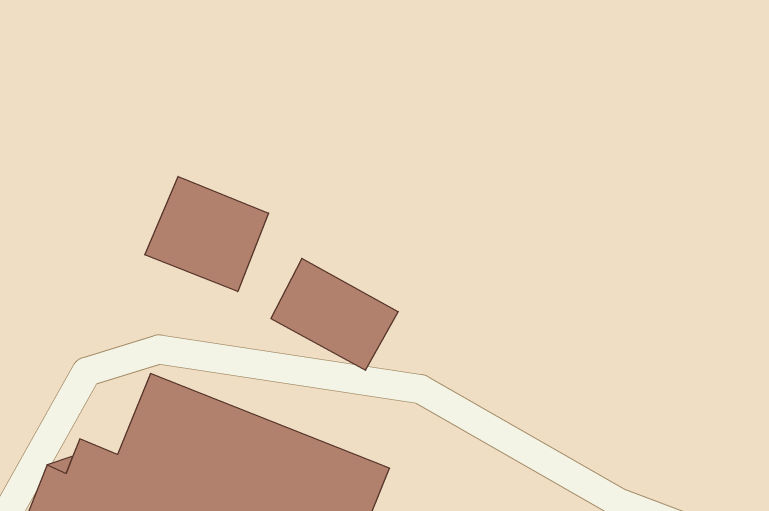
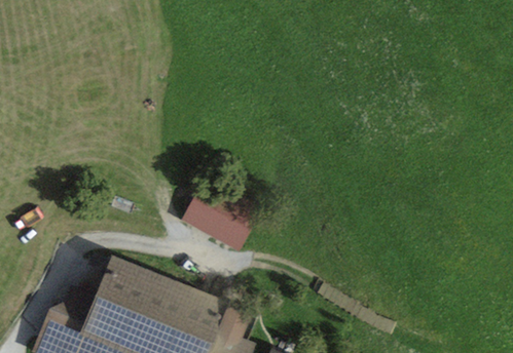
building: [145,176,269,292] -> none

